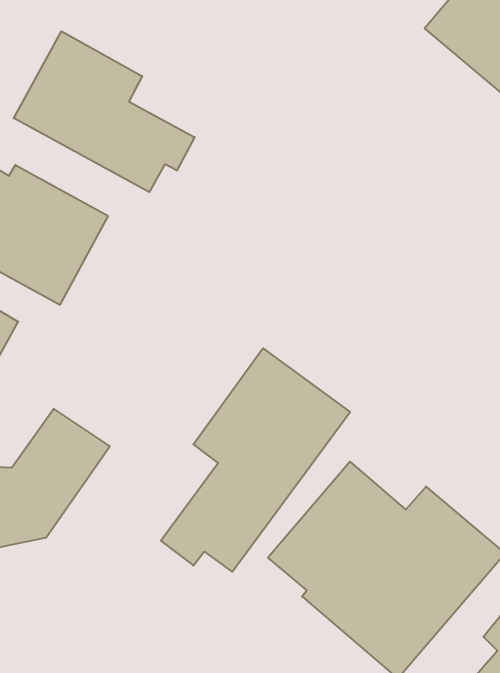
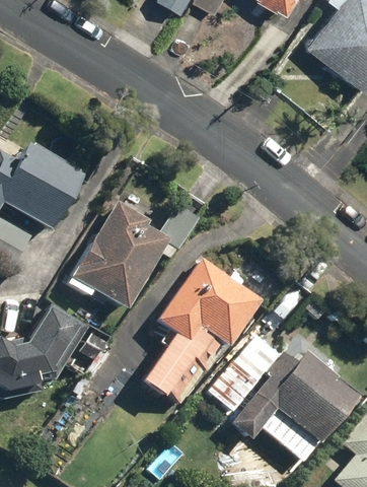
building: [14,31,195,192] -> none
building: none -> [68,196,207,307]

